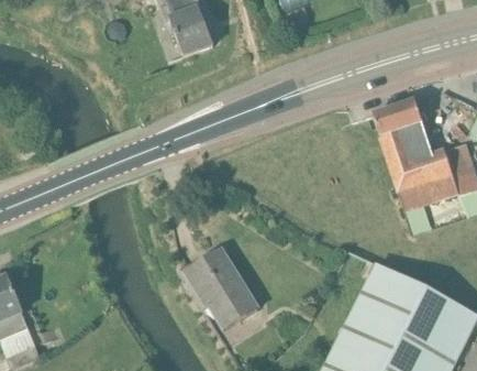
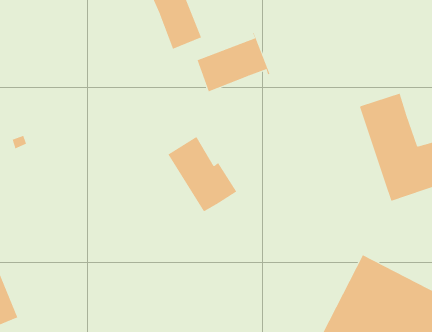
building: none -> [197,32,270,92]
building: [187,251,257,328] -> [168,136,237,212]

